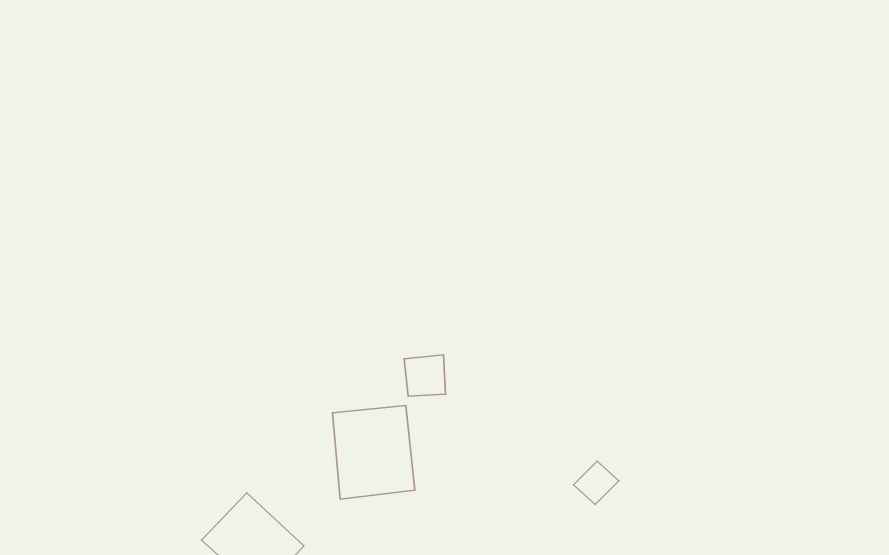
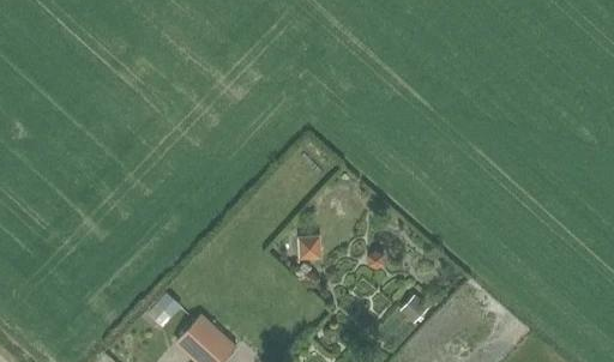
building: [333,405,415,499] -> none

